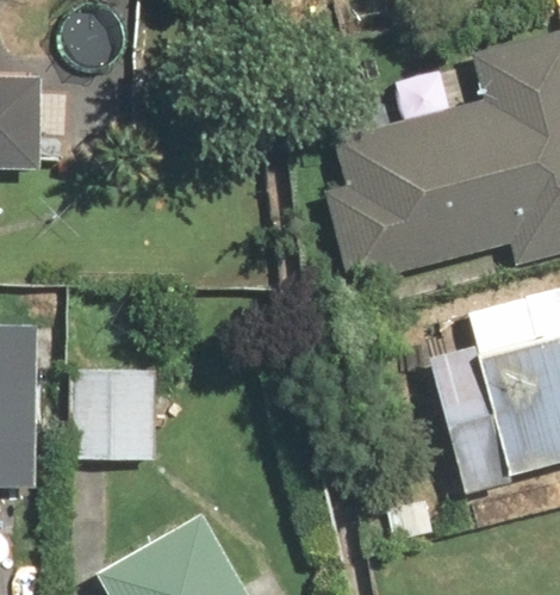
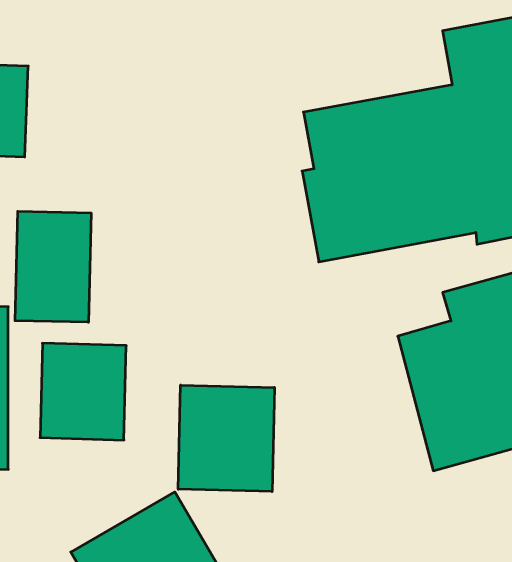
building: none -> [15,211,91,322]
building: none -> [178,385,274,492]

